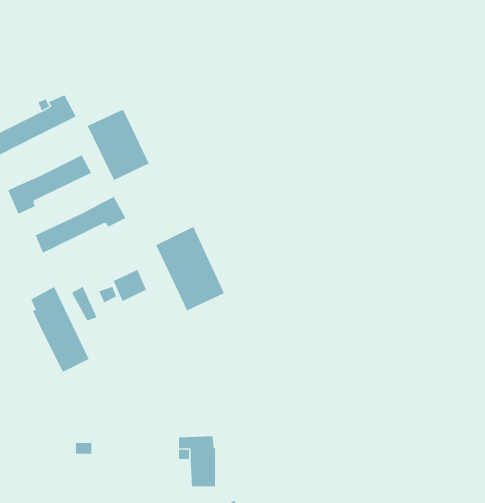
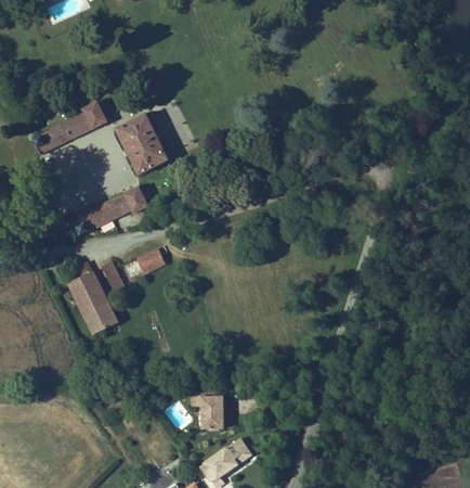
building: [7,155,92,215] -> none
building: [156,226,224,311] -> none

